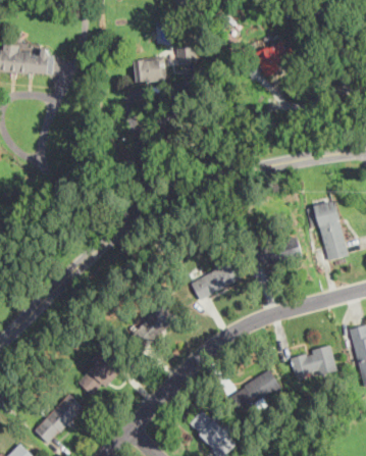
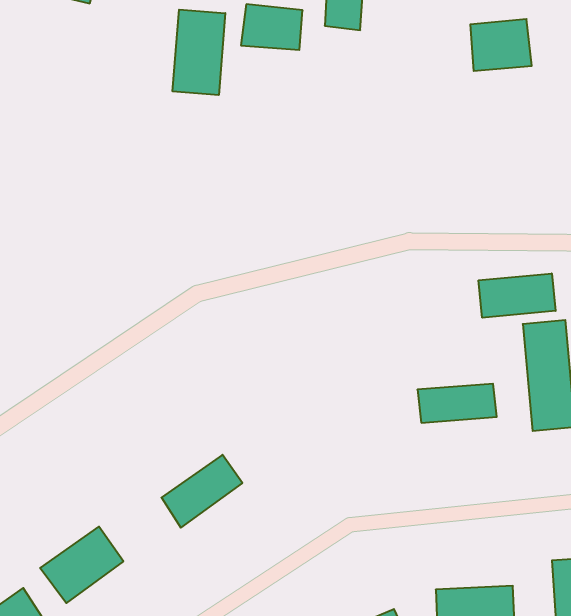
building: none -> [173,10,225,95]
building: none -> [479,273,556,318]
building: [191,260,241,300] -> none

